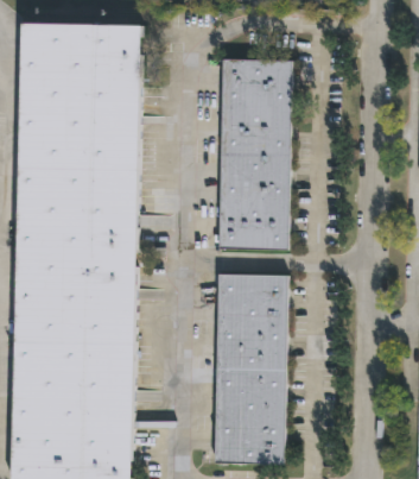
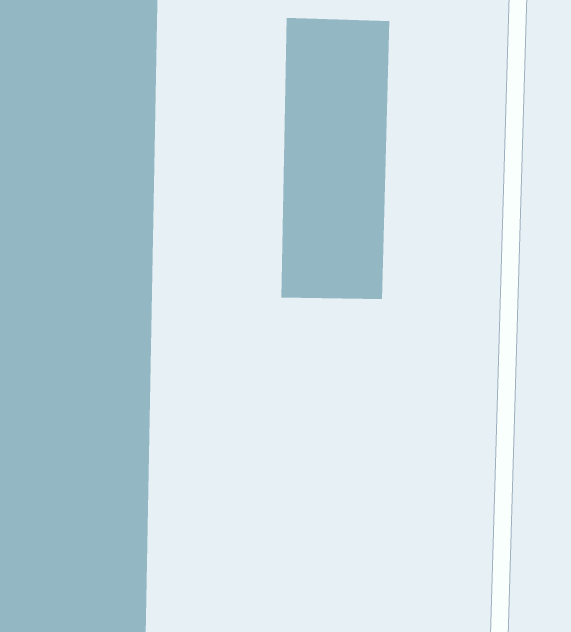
building: [216,275,288,462] -> none

